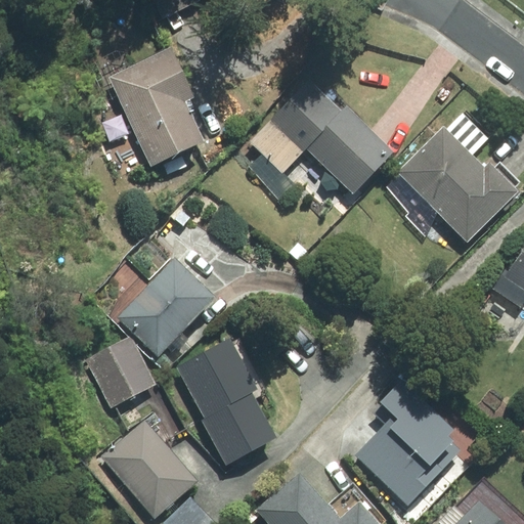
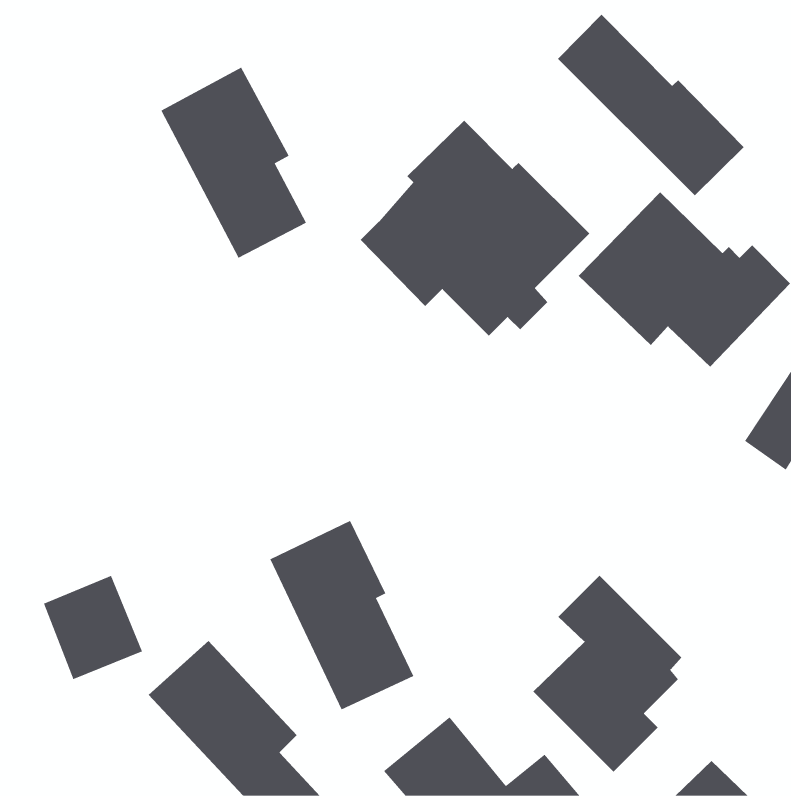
building: none -> [557,14,745,196]
building: [118,259,215,358] -> none
building: [90,341,156,409] -> [43,575,143,680]

